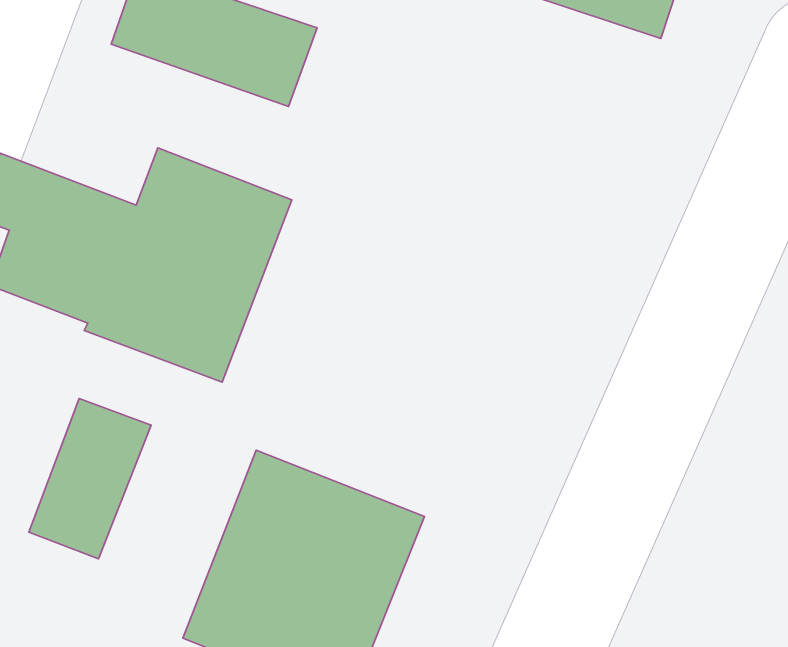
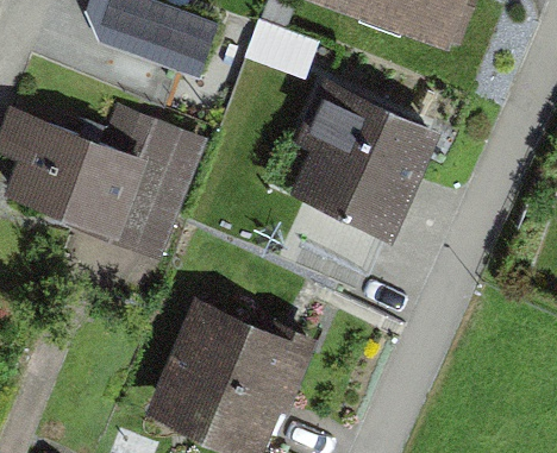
building: none -> [295,78,446,241]
building: [29,399,151,559] -> none

